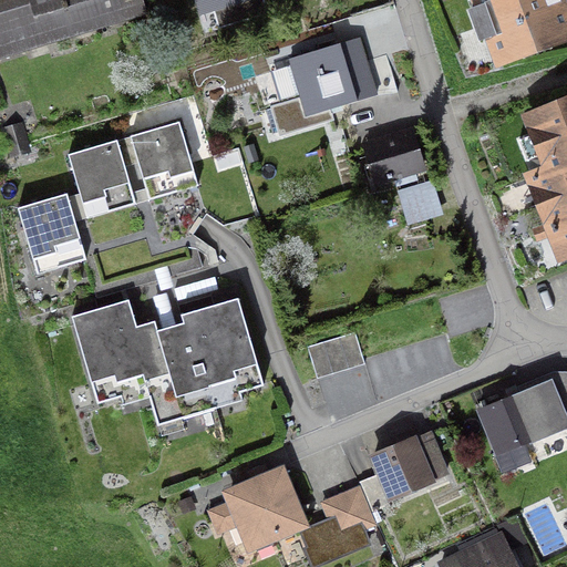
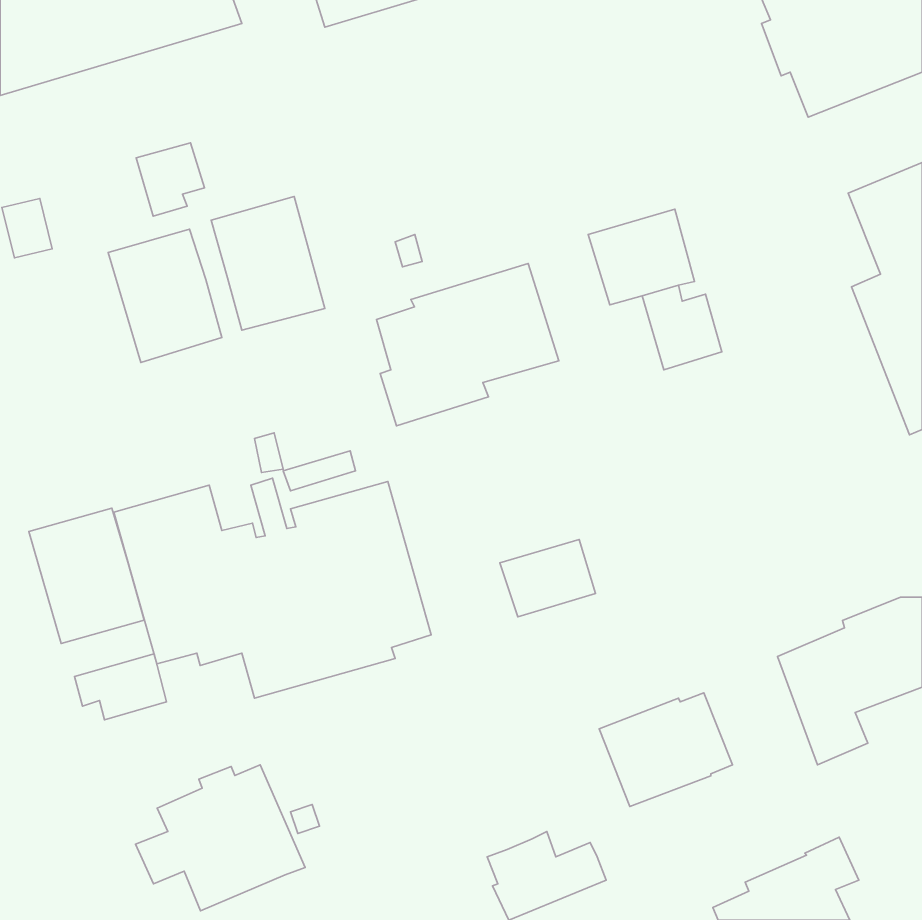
building: [267,40,379,140] -> [377,263,559,426]
building: none -> [136,143,204,216]
building: [17,194,87,277] -> [29,508,144,643]
building: none -> [74,654,166,720]
building: [207,458,311,548] -> [136,765,305,911]
building: [320,482,377,526] -> none

